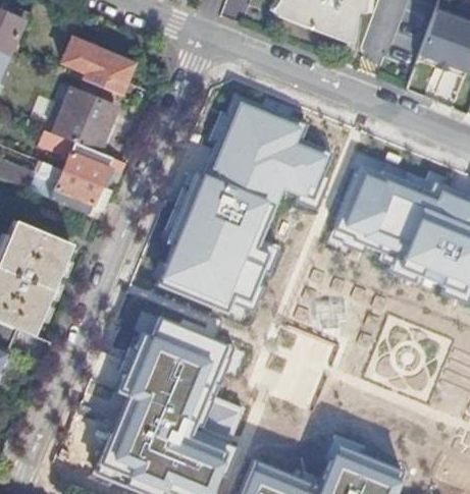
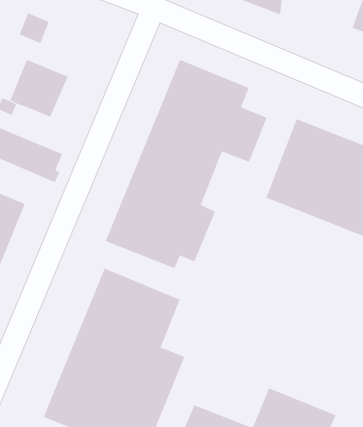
building: [85,49,133,95] -> none
building: [62,141,126,191] -> none

